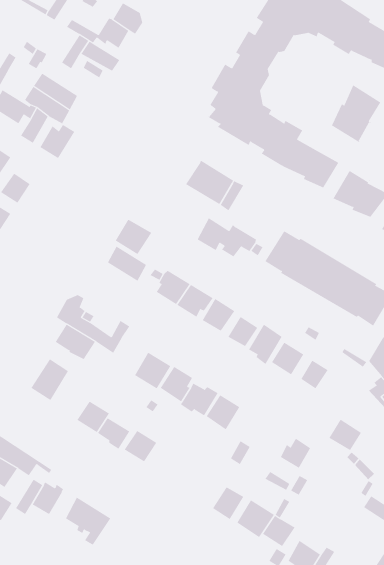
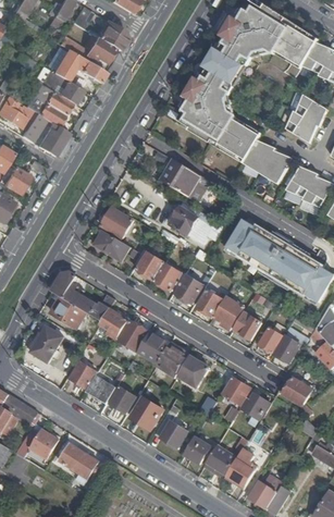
building: none -> [38,70,79,104]
building: none -> [97,309,127,341]
building: none -> [274,329,308,364]
building: none -> [221,377,249,405]
building: none -> [128,397,161,430]
building: none -> [153,399,187,450]

